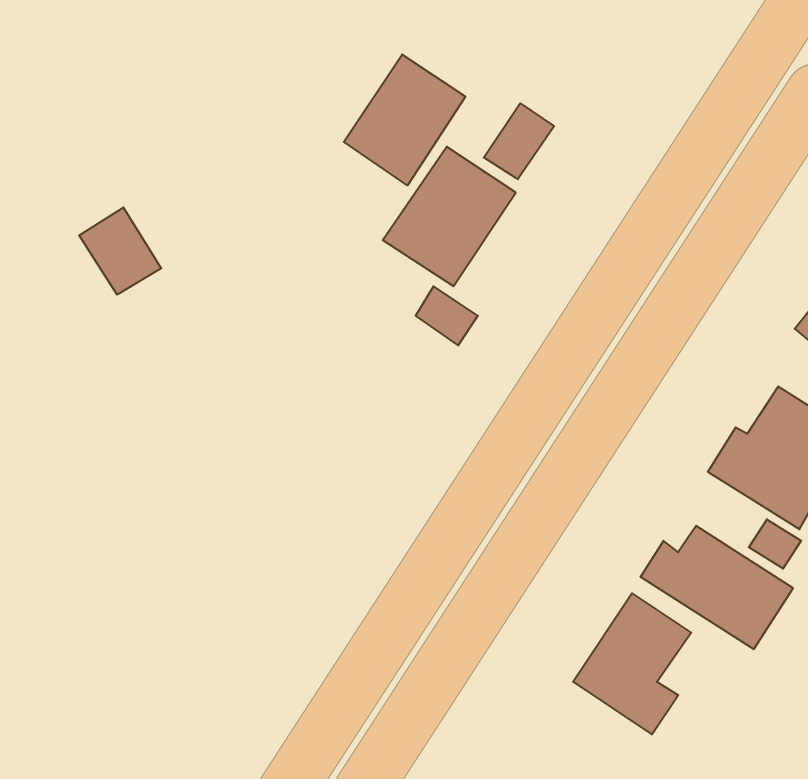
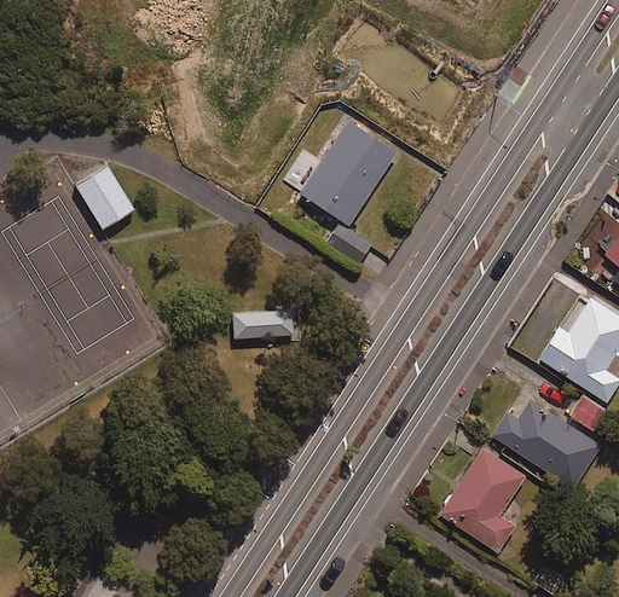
building: [344,54,465,185] -> none
building: [484,103,554,179] -> none
building: none -> [235,309,295,337]

